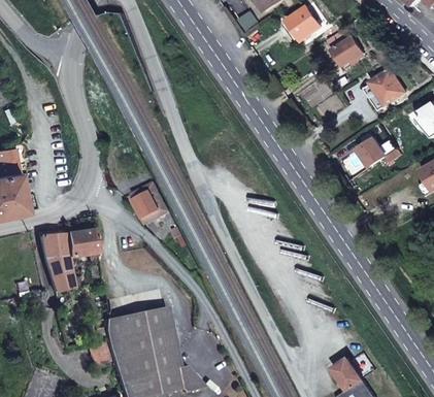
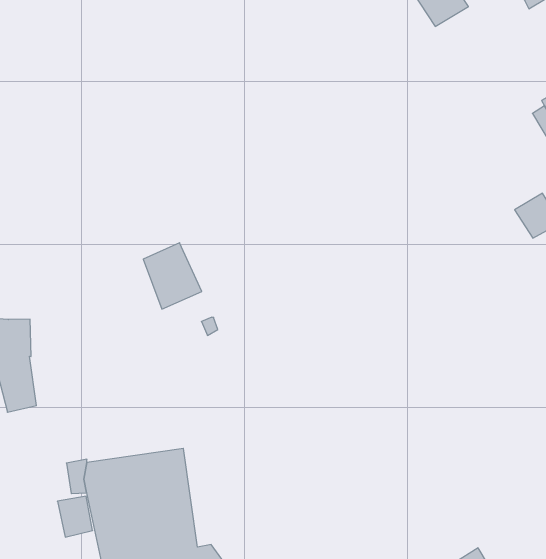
building: [327,30,365,64] -> none
building: [66,229,99,262] -> none

